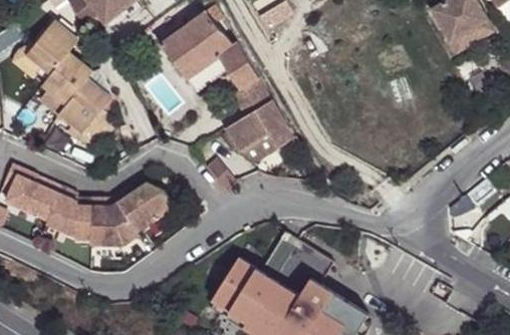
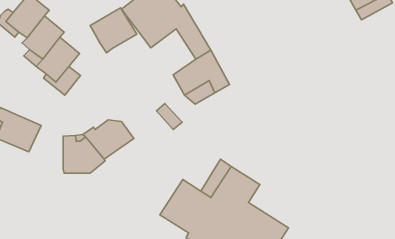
building: none -> [90,8,137,53]
building: [46,188,90,241] -> none

